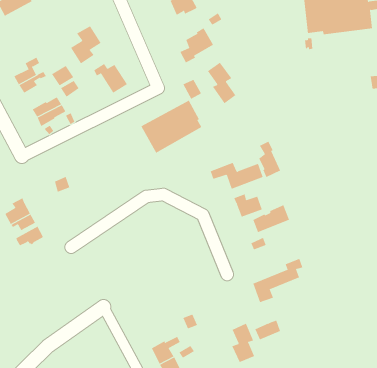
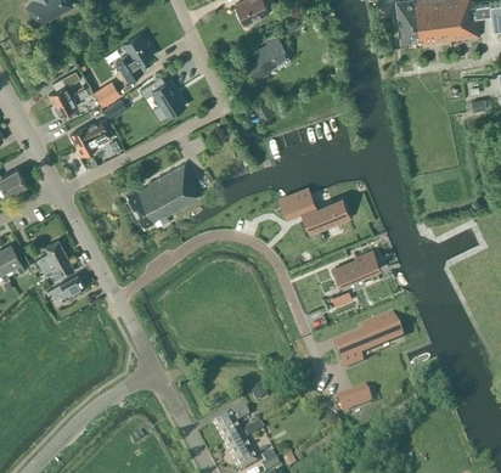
building: [207,62,236,104] -> none
building: [141,100,202,153] -> [125,165,199,230]
building: [258,141,281,178] -> none
building: [233,194,263,218] -> none
building: [231,323,255,363] -> none

